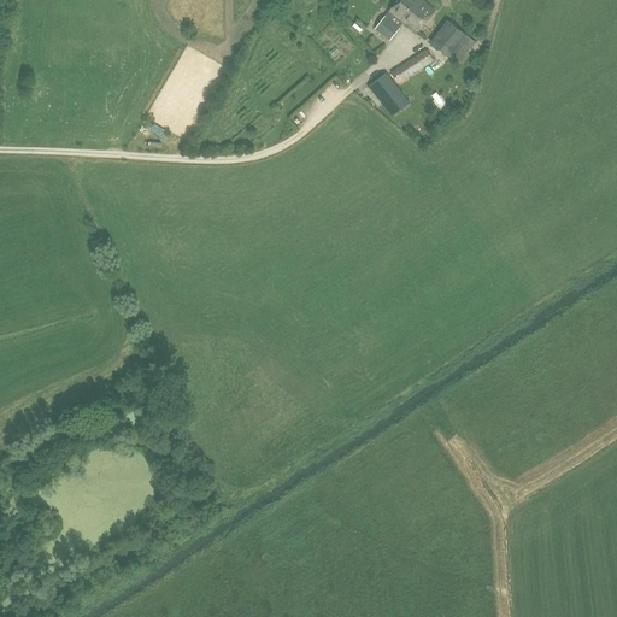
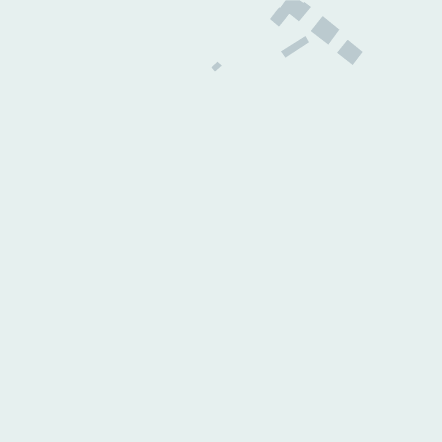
building: none -> [336,38,364,66]
building: [368,71,409,114] -> none

